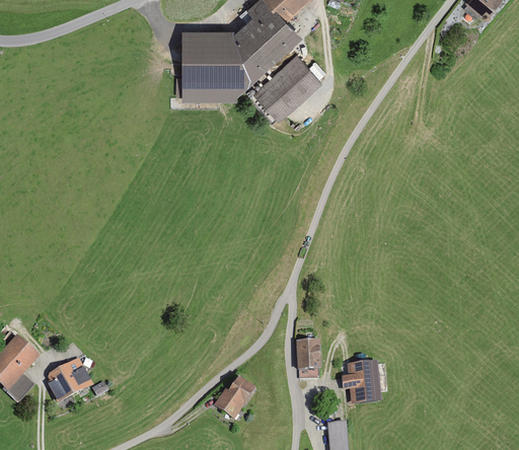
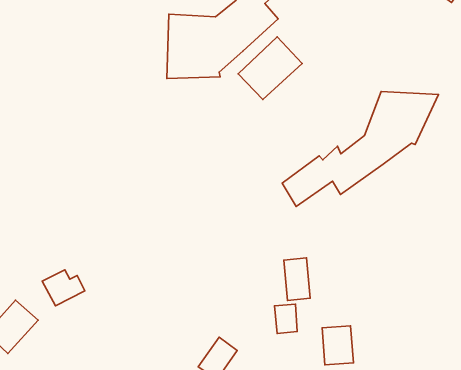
building: none -> [282,92,439,207]
building: none -> [284,258,310,301]
building: [49,364,94,402] -> [42,270,85,306]

